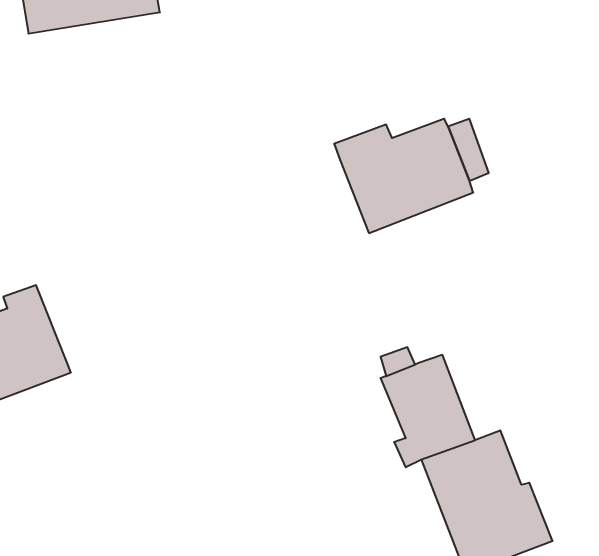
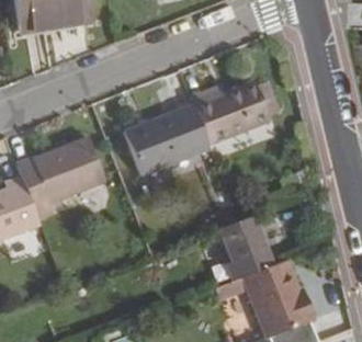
building: none -> [124,104,211,175]
building: none -> [19,137,105,219]

